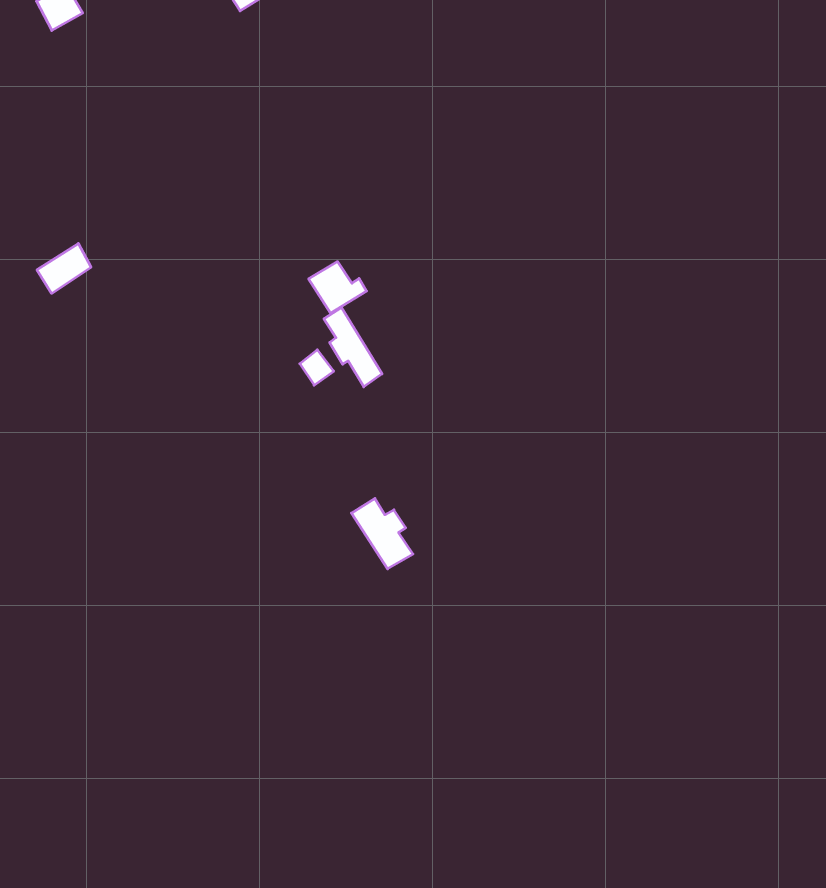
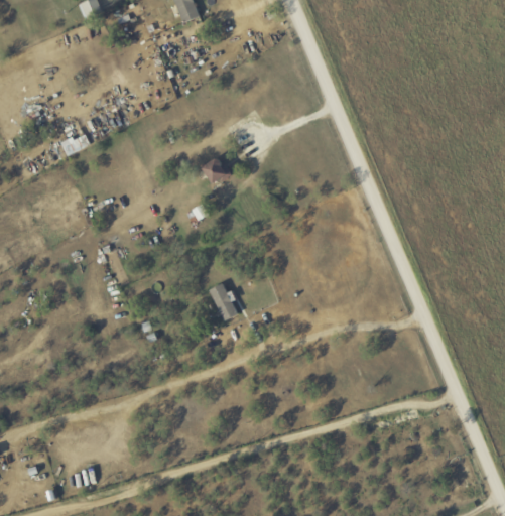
building: [324,307,382,387] -> none

